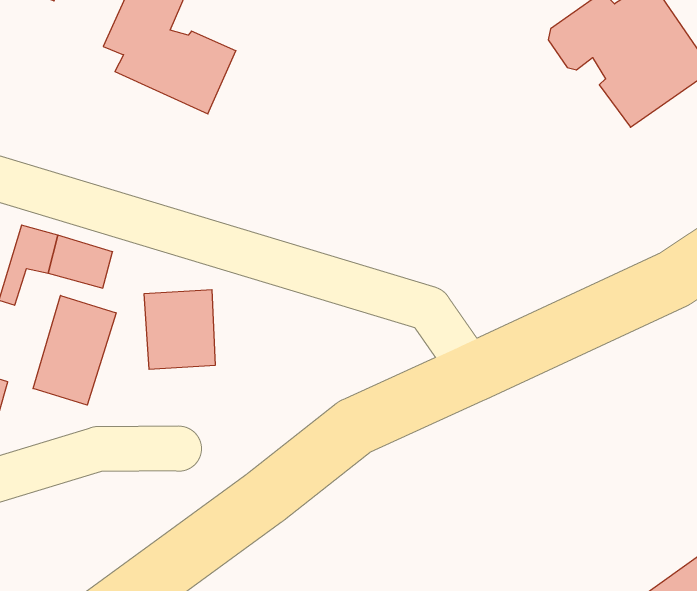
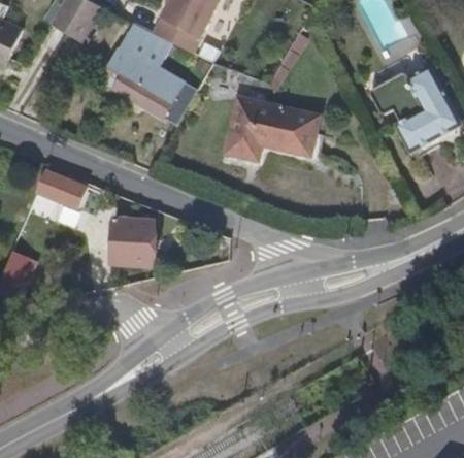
building: none -> [227,100,321,161]
building: [33,295,116,405] -> none

